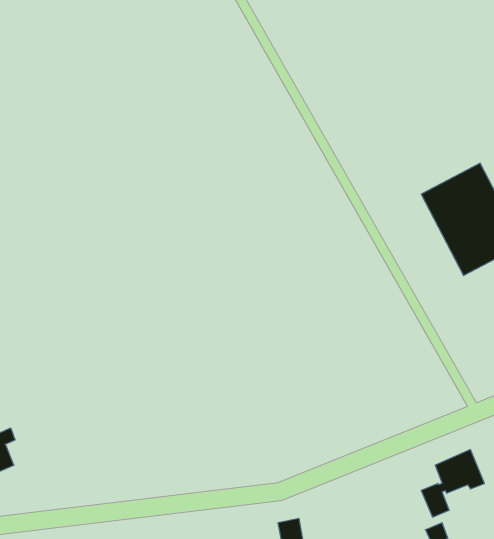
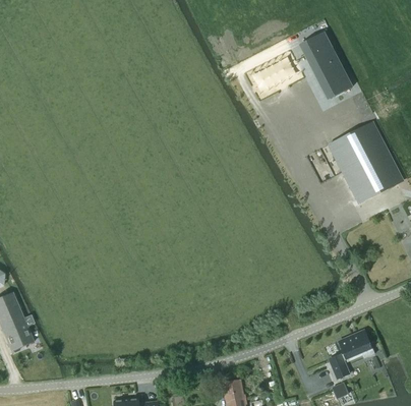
building: none -> [300,32,351,99]

